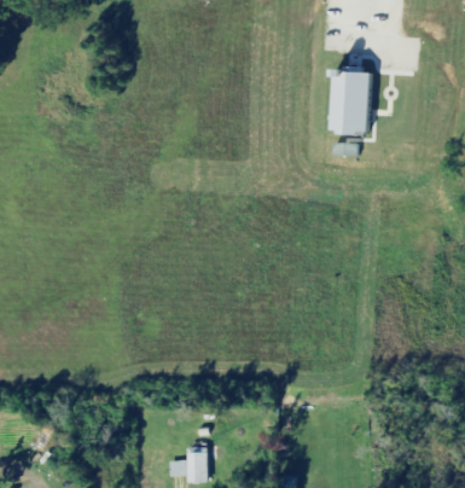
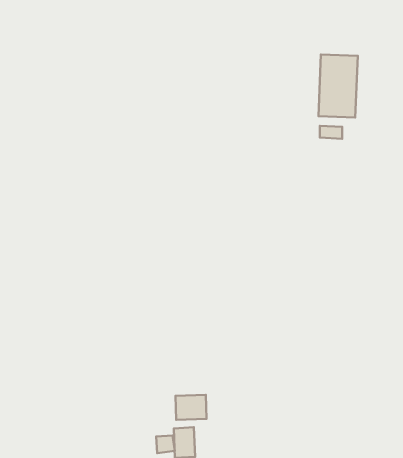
building: none -> [176,395,206,420]

